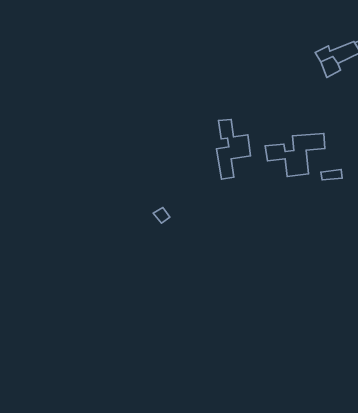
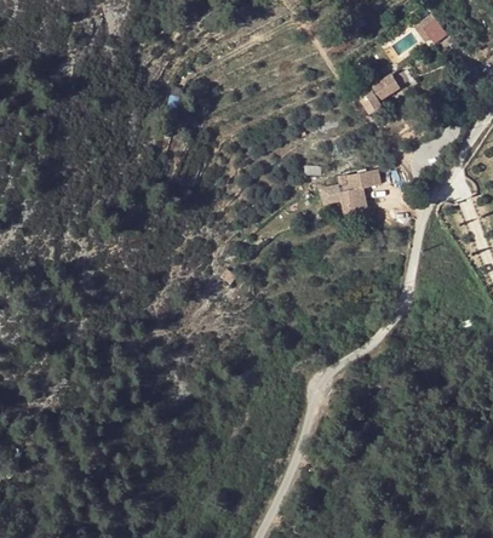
building: [217,120,250,179] -> none

